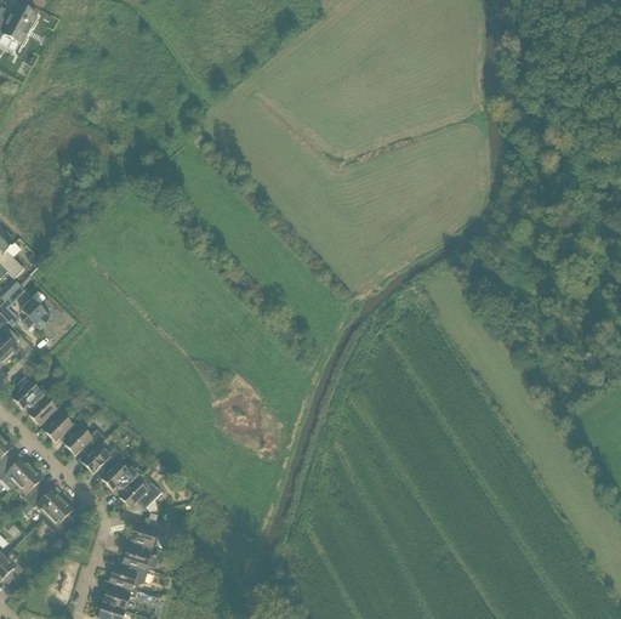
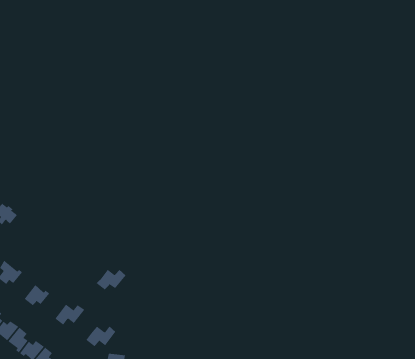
building: [27,394,62,425] -> none
building: [63,426,104,454] -> none
building: [99,455,142,488] -> [96,265,127,290]

